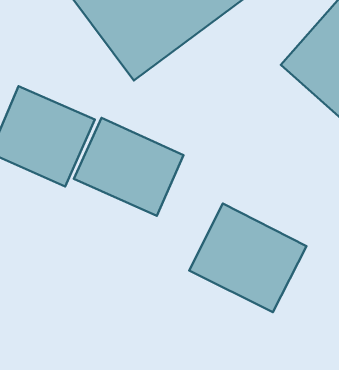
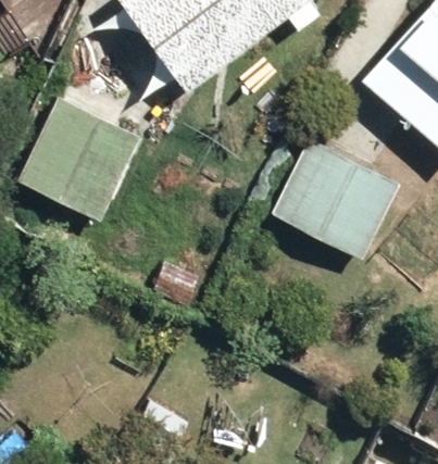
building: [74,118,184,216] -> none
building: [189,203,306,312] -> [266,133,403,260]

